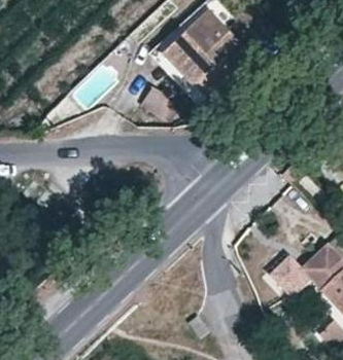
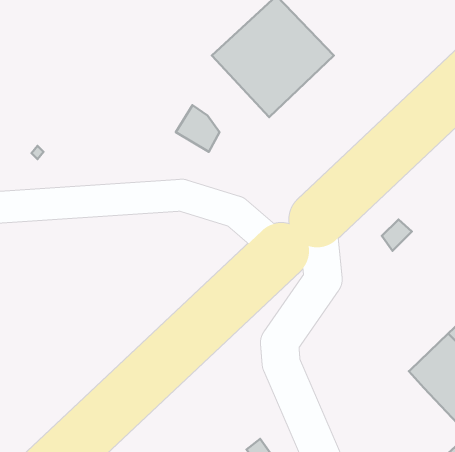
building: [268,254,309,296] -> none

